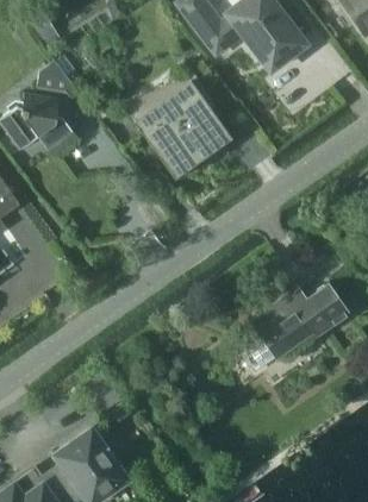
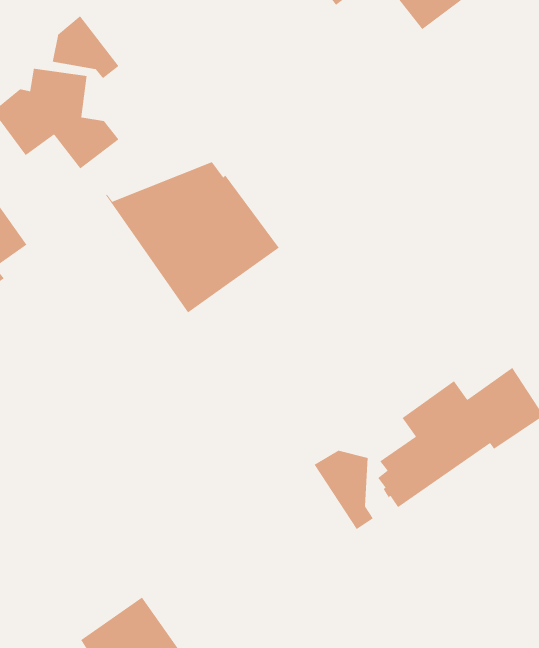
building: [121,82,232,178] -> [105,161,280,314]
building: none -> [314,450,374,530]

